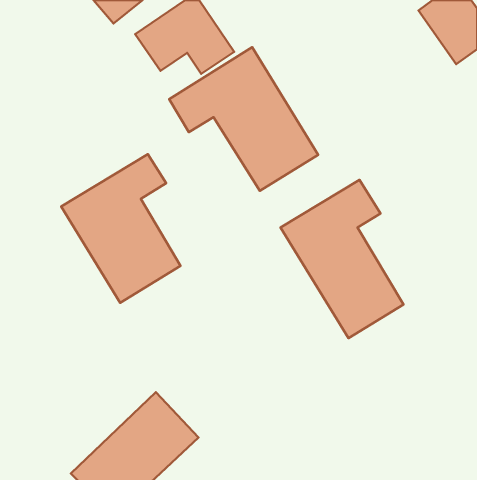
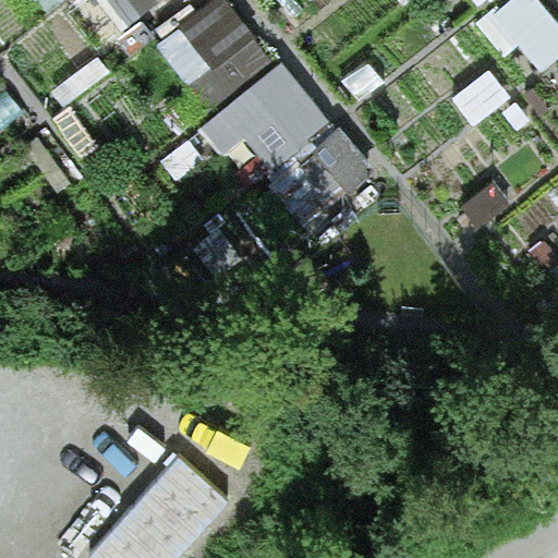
building: [61,154,181,303] -> none
building: [281,180,404,338] -> none

